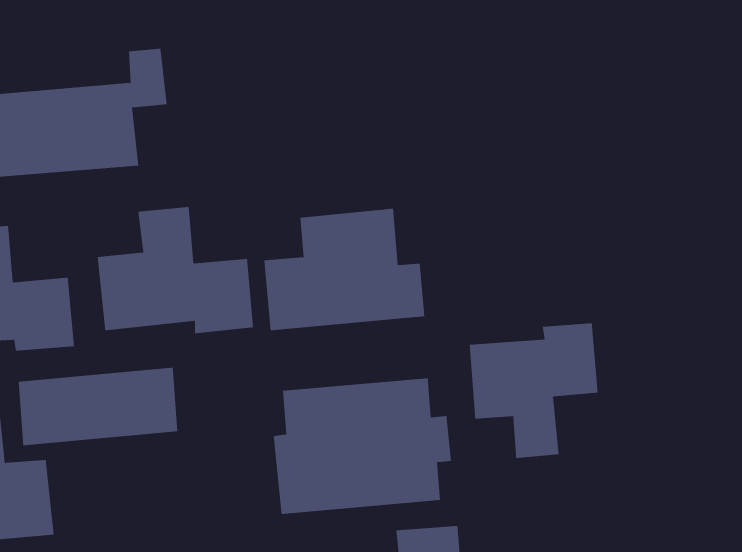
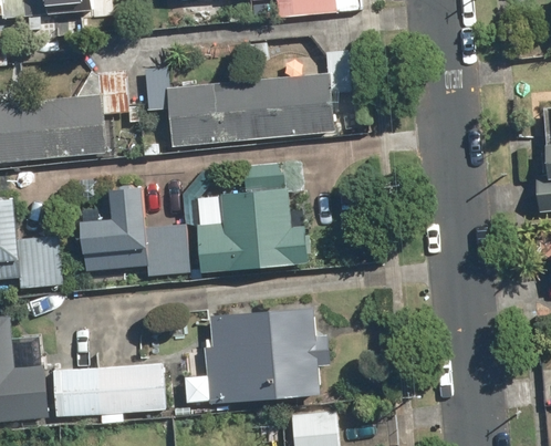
building: none -> [144,54,351,148]
building: [469,323,598,459] -> none
building: [18,367,178,446] -> [52,360,165,415]

